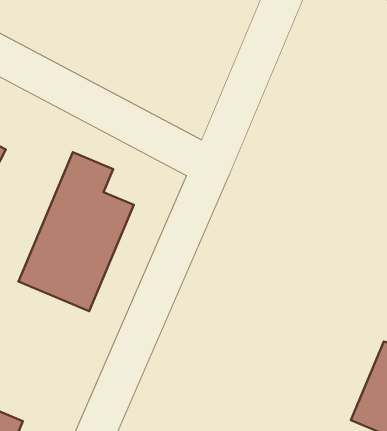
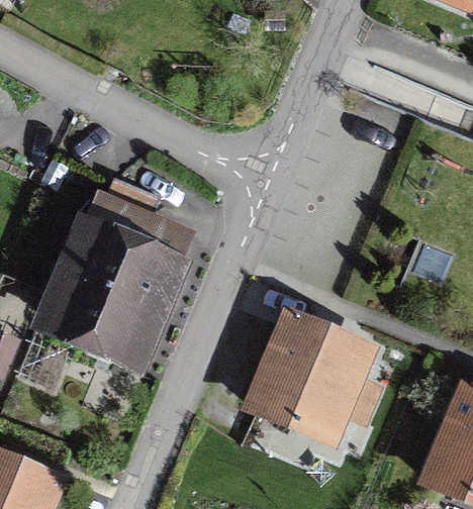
building: none -> [252,321,367,442]

